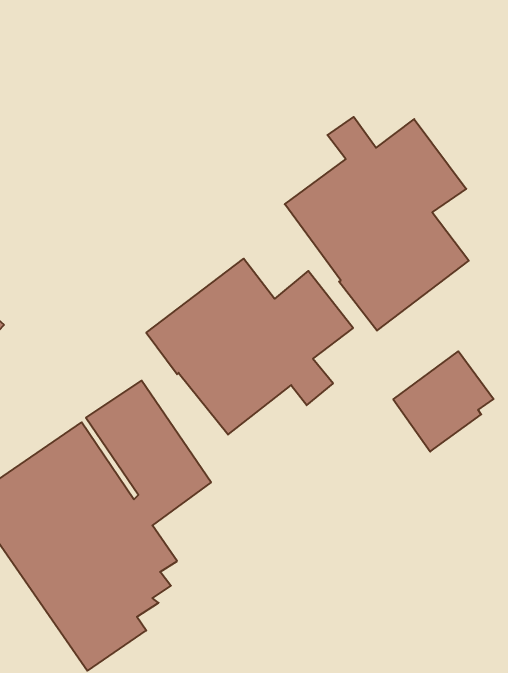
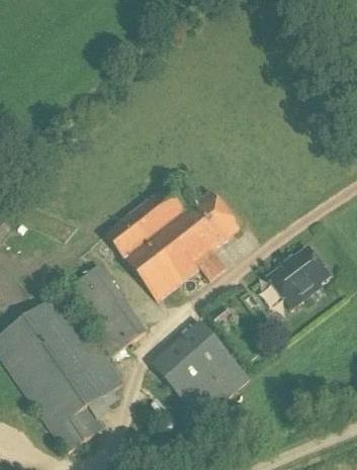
building: [285,117,469,331] -> none
building: none -> [151,320,251,421]

